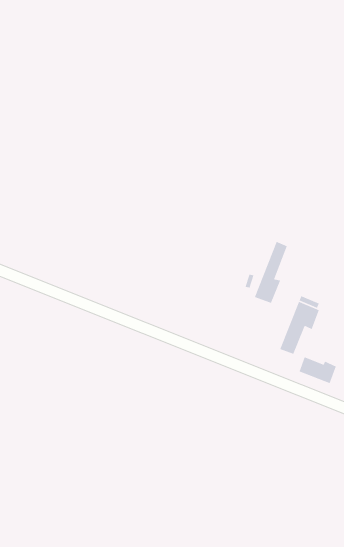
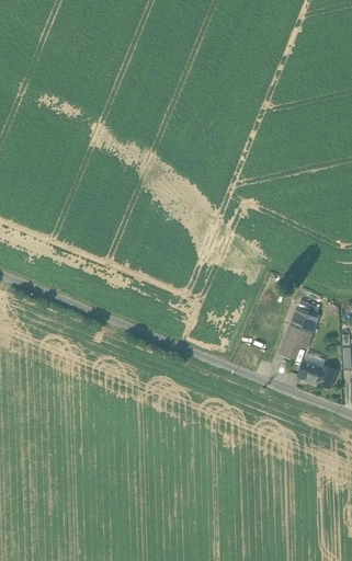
building: [254,241,288,304] -> none

